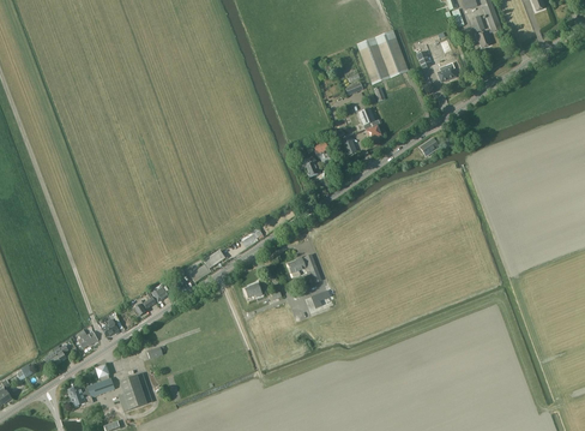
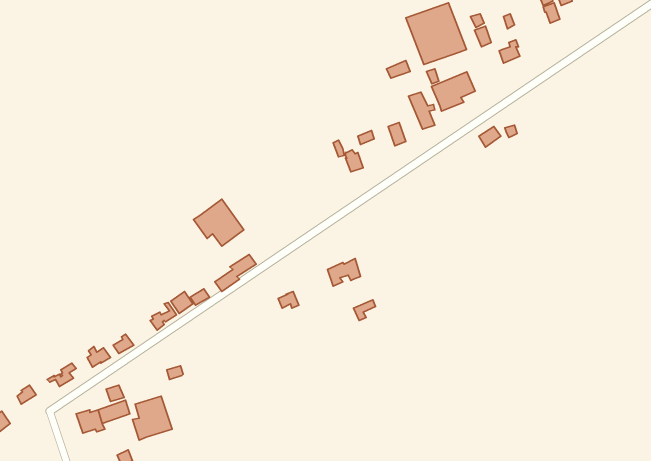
building: none -> [431,72,475,111]
building: none -> [194,199,244,246]

